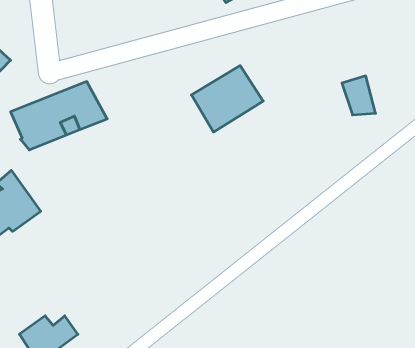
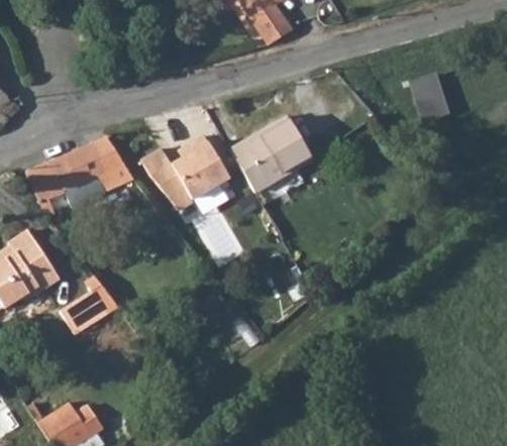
building: [342,76,376,115] -> [411,74,449,118]
building: none -> [143,136,229,210]
building: none -> [57,290,100,331]

